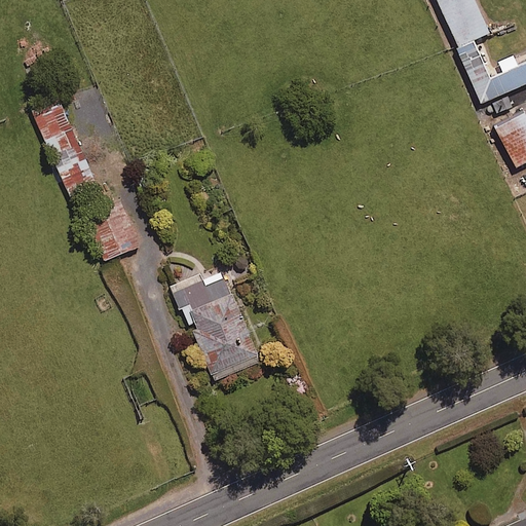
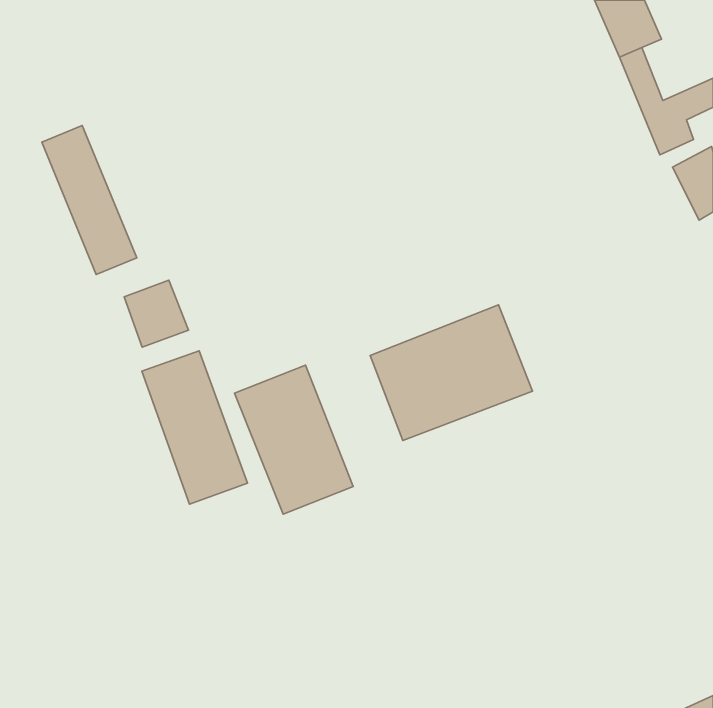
building: none -> [370,305,532,440]
building: none -> [142,351,248,504]

